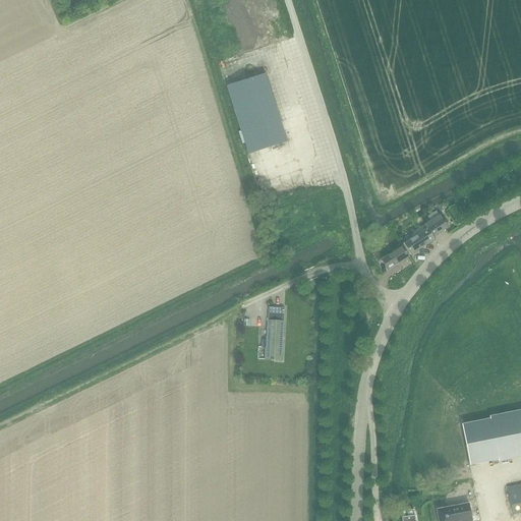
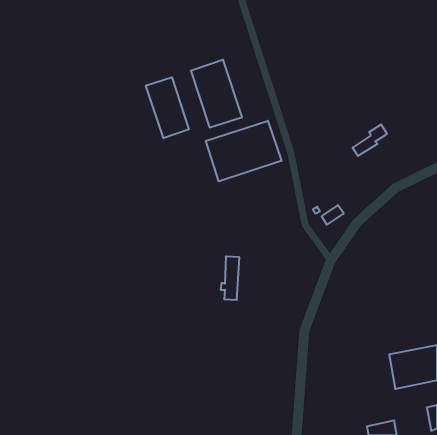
building: none -> [146,77,189,138]
building: none -> [206,121,281,181]
building: [406,214,447,251] -> [353,124,387,156]

